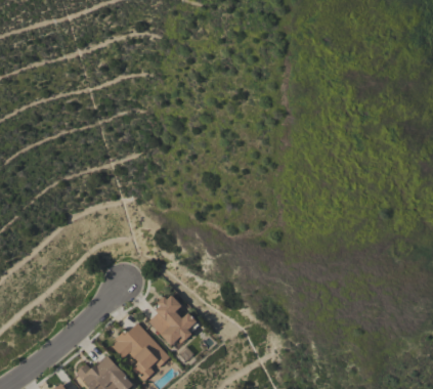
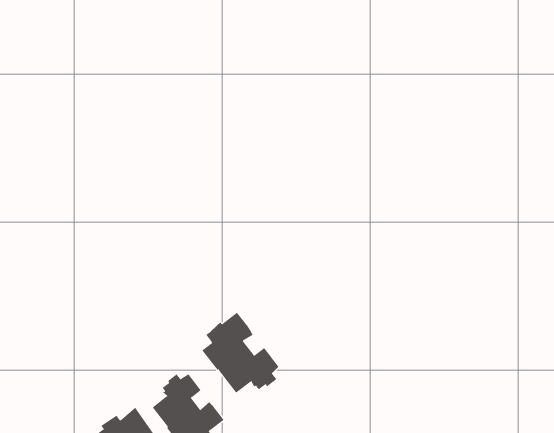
building: none -> [202,312,279,394]

